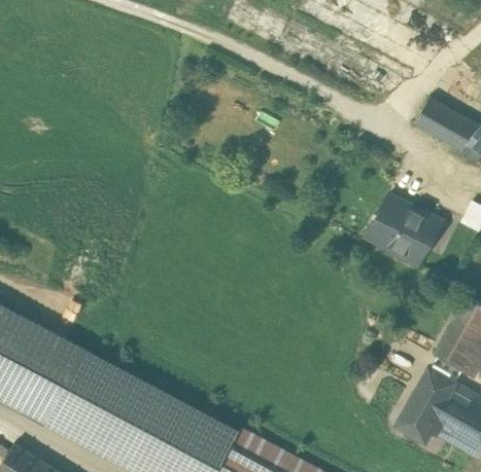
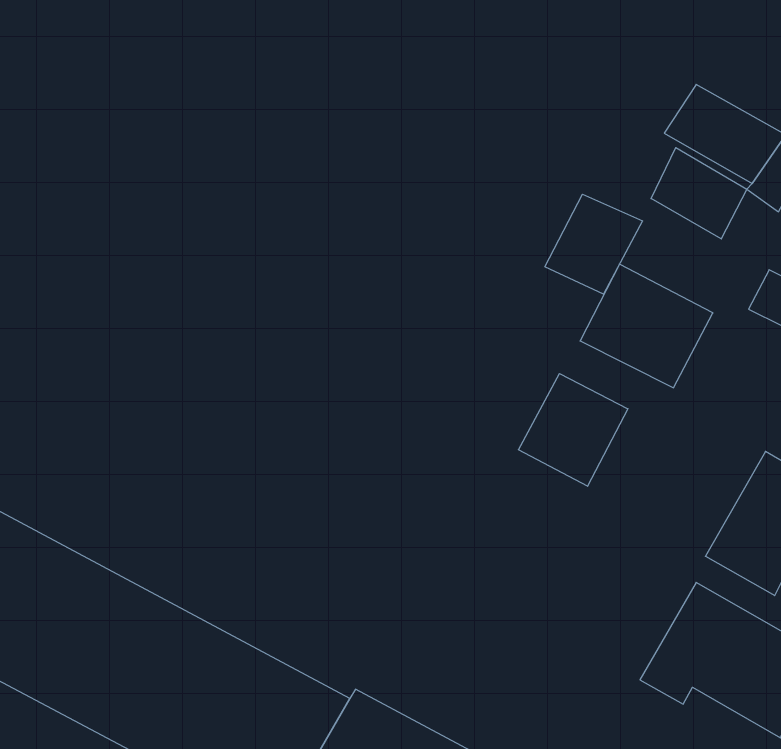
building: none -> [651,148,747,239]
building: none -> [545,194,643,294]
building: none -> [518,374,628,486]

